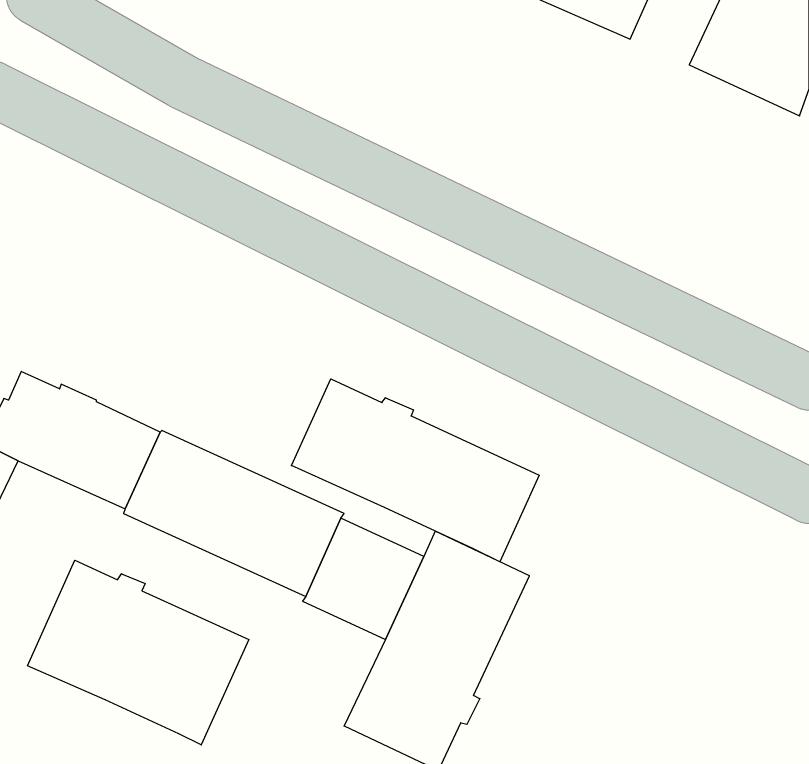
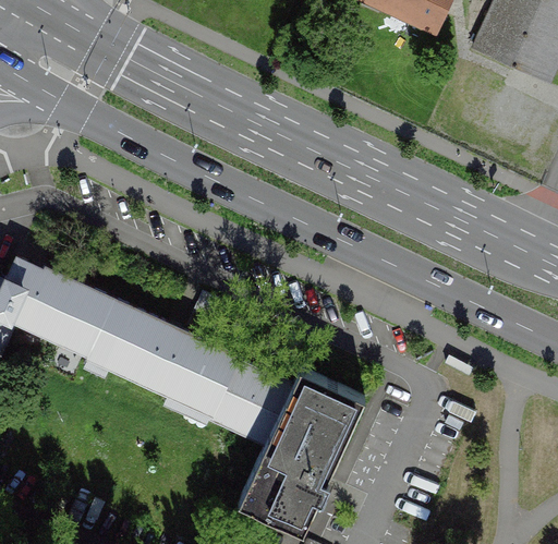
building: [291,379,539,562] -> none
building: [27,560,249,745] -> none

